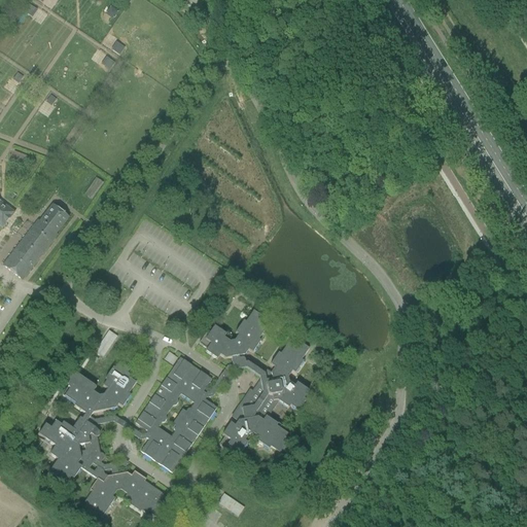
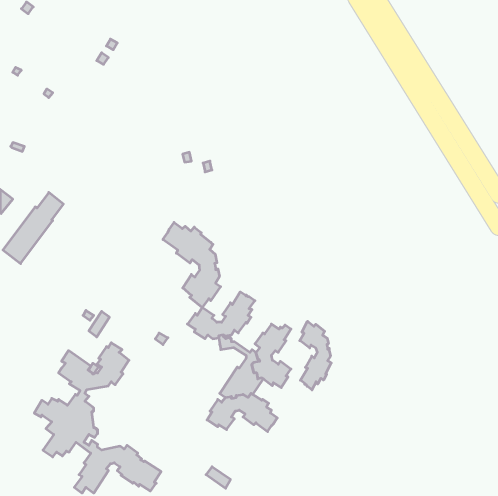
building: none -> [163,222,221,308]
building: none -> [300,321,331,390]
building: [136,356,217,471] -> none

